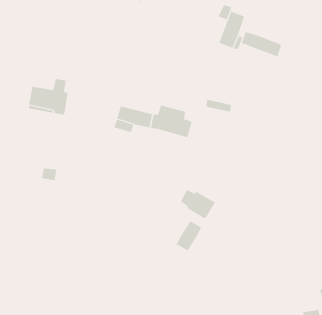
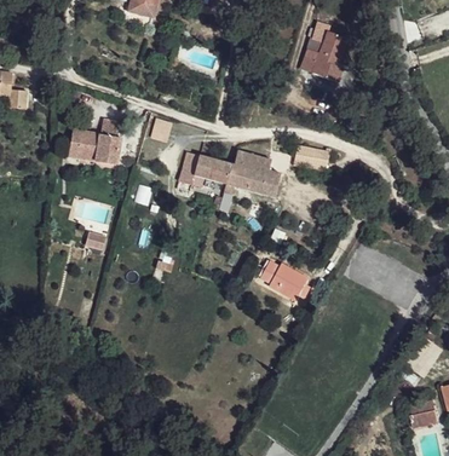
building: [241,31,282,57] -> none
building: [176,220,202,251] -> none

